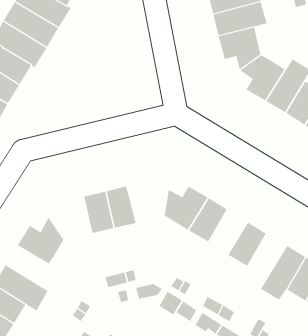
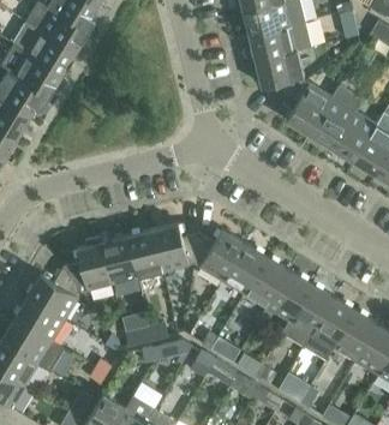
building: none -> [152,223,199,273]
building: none -> [64,243,113,292]
building: none -> [245,257,289,309]
building: none -> [281,285,334,347]
building: none -> [14,298,65,342]

